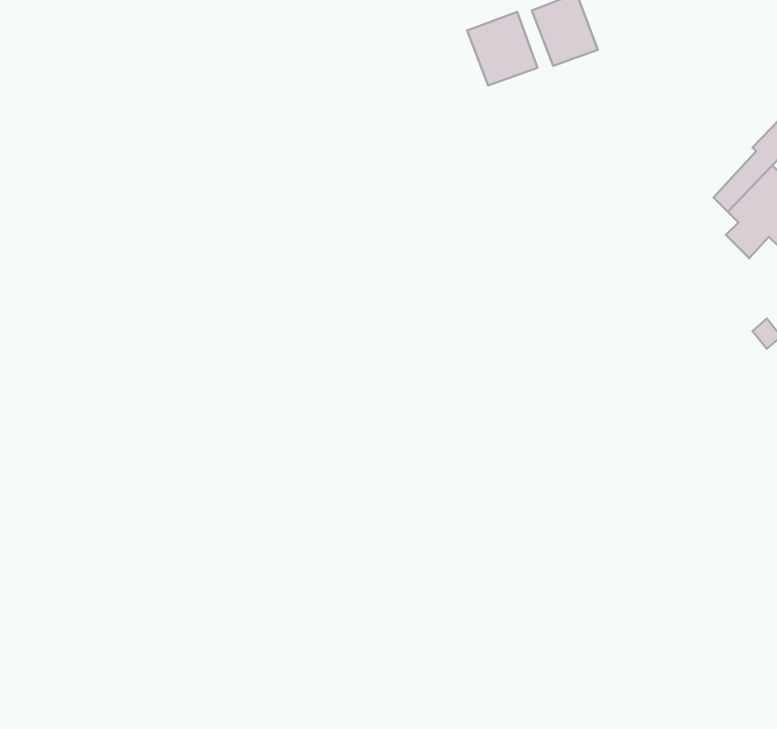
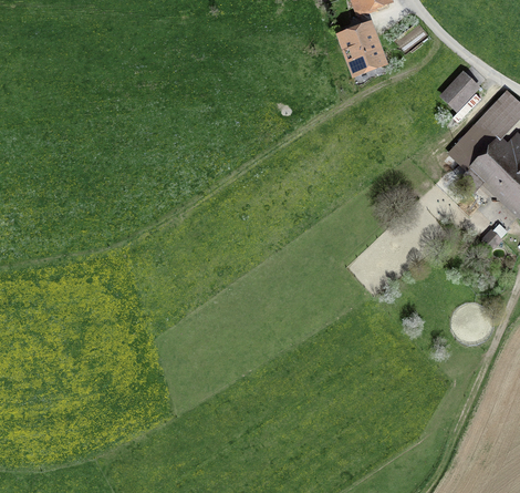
building: [467,12,537,85] -> none
building: none -> [444,73,477,106]

